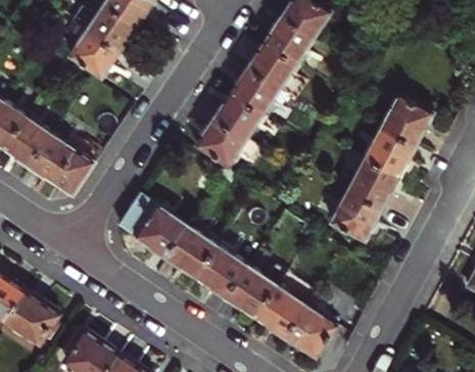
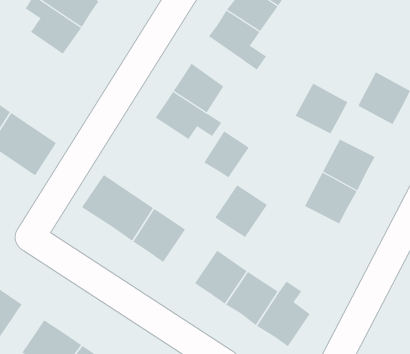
building: [224,61,273,109] -> none
building: [366,128,417,177] -> [295,83,348,134]
building: none -> [204,131,249,178]
building: [197,246,248,297] -> [214,185,268,238]

